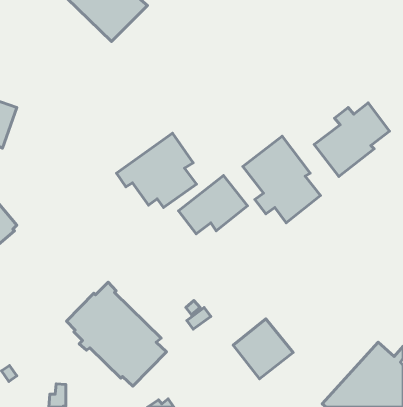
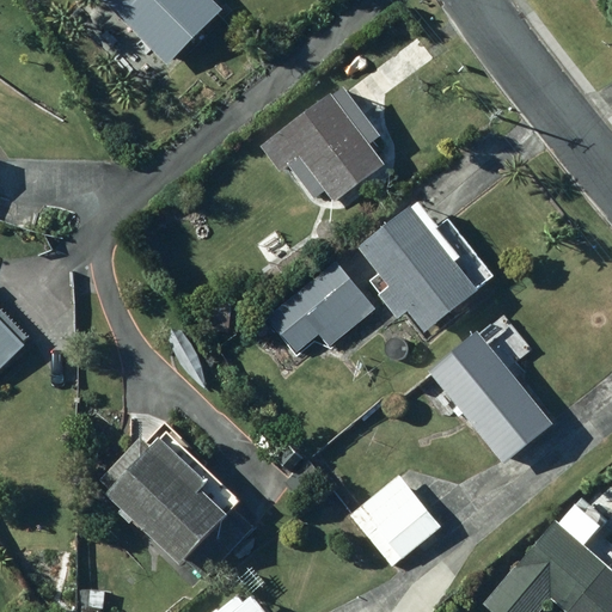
building: [314,103,390,176] -> none
building: [116,133,196,208] -> [263,88,382,200]
building: none -> [429,332,552,464]

